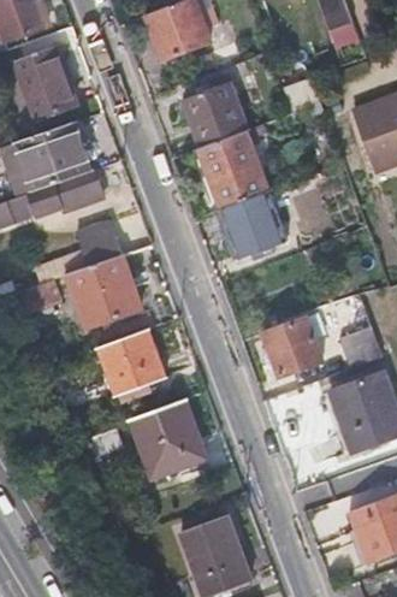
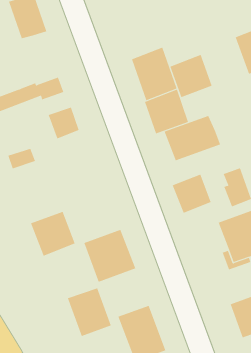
building: [183,82,247,147] -> [170,54,212,98]
building: [17,122,90,191] -> none
building: none -> [164,115,221,161]
building: [67,253,142,327] -> none
building: [99,329,166,396] -> [30,211,75,256]
building: none -> [67,288,111,337]

